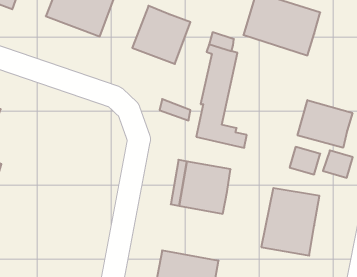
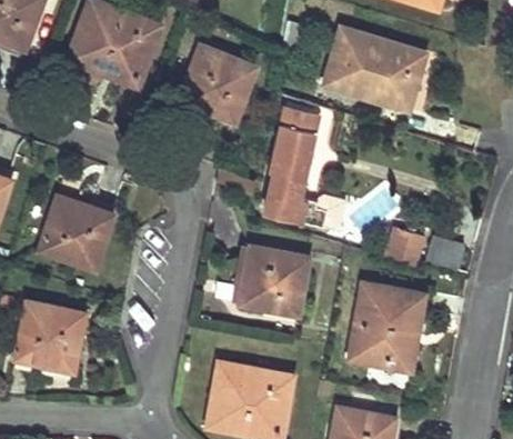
building: [298,100,352,148] -> none
building: none -> [41,196,114,270]
building: none -> [16,302,84,369]

